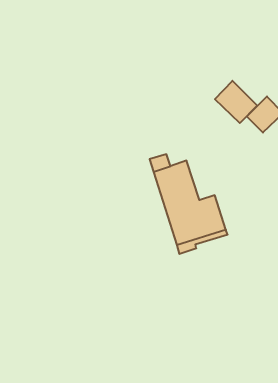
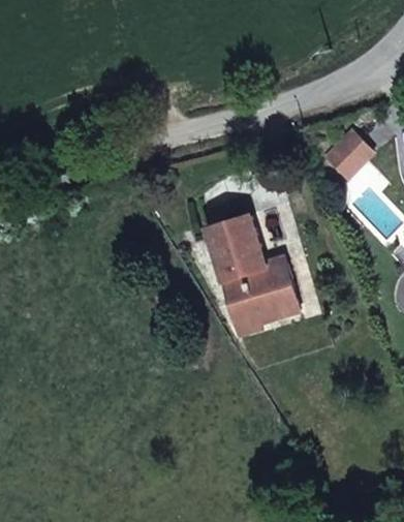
building: [215,81,257,123] -> none

